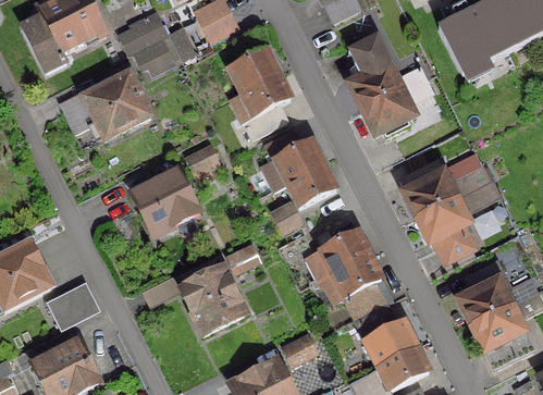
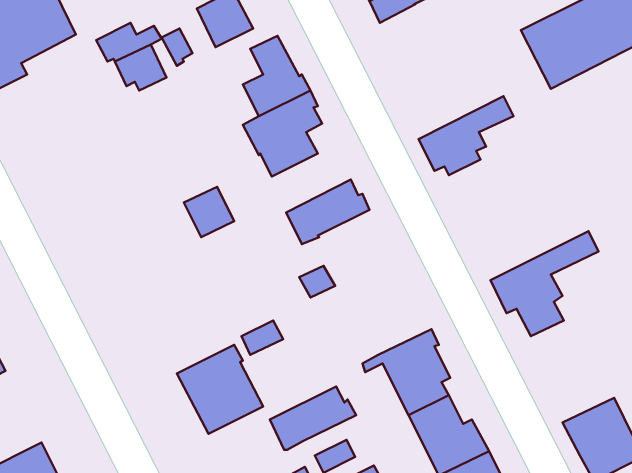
building: [347,33,427,109] -> none
building: [58,72,150,149] -> none
building: [286,162,335,205] -> none
building: [400,163,491,215] -> none
building: [131,168,198,234] -> none
building: [307,231,372,279] -> [270,387,356,450]
building: [459,276,510,323] -> none
building: [51,280,100,323] -> none

